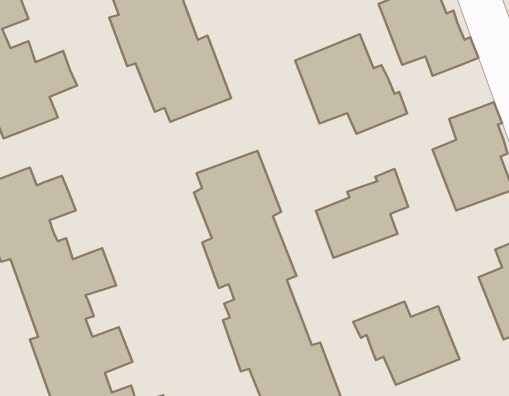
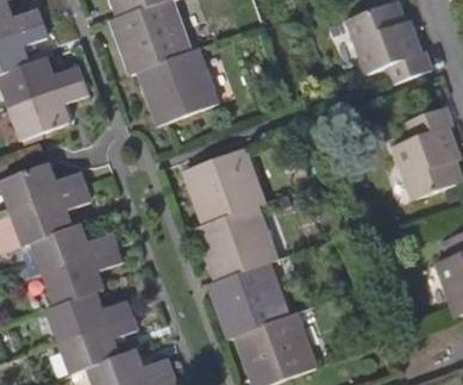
building: [295,34,407,134] -> none
building: [316,169,408,258] -> none
building: [353,302,459,385] -> none

